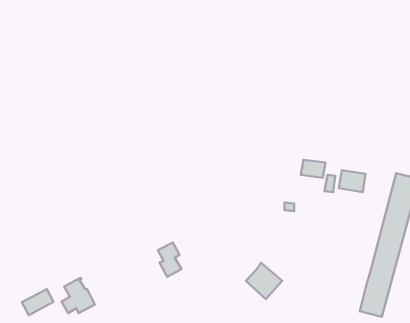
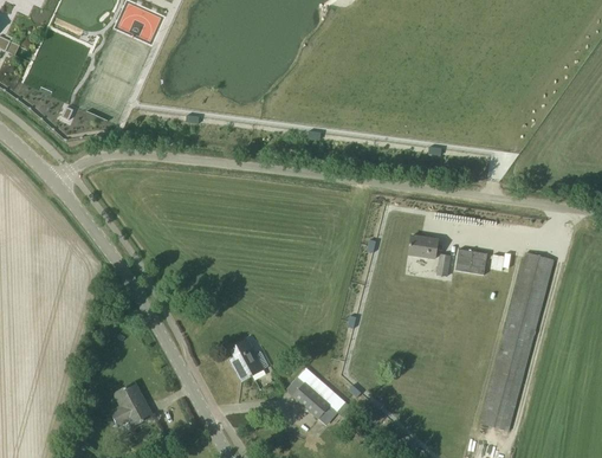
building: [246,263,282,299] -> [292,374,337,419]
building: [22,289,54,315] -> none

